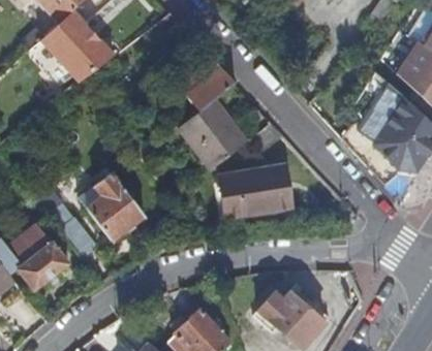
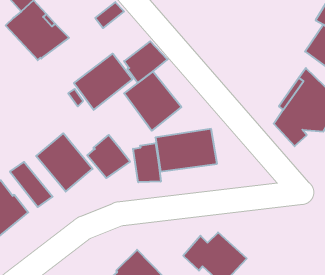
building: none -> [74,54,132,110]
building: none -> [87,135,130,178]
building: none -> [133,143,161,182]

